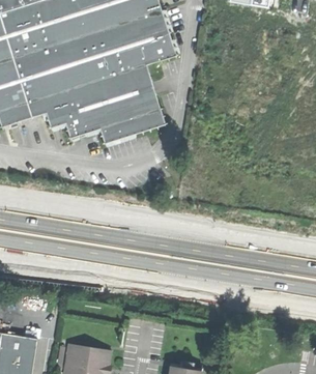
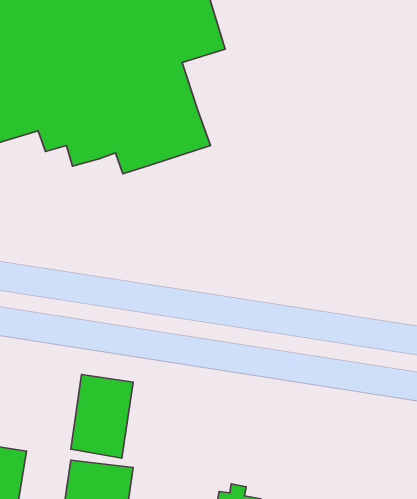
building: none -> [71,375,133,458]

